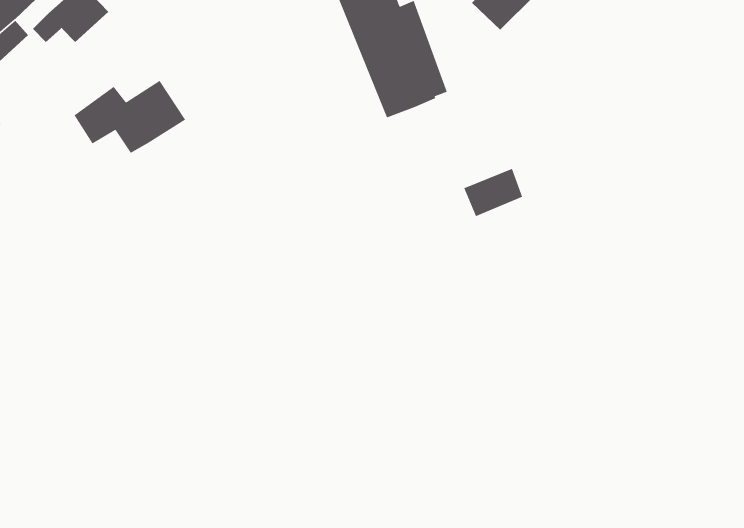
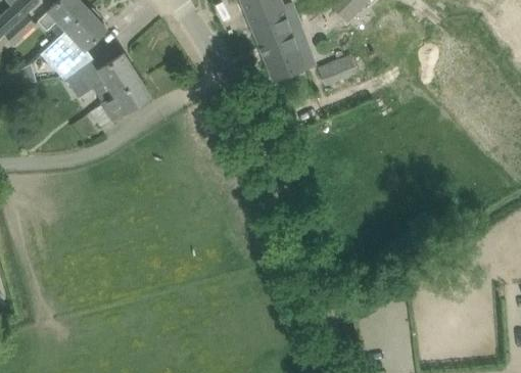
building: none -> [42,10,106,79]
building: none -> [102,82,150,121]
building: [463,168,523,217] -> [318,55,358,88]

